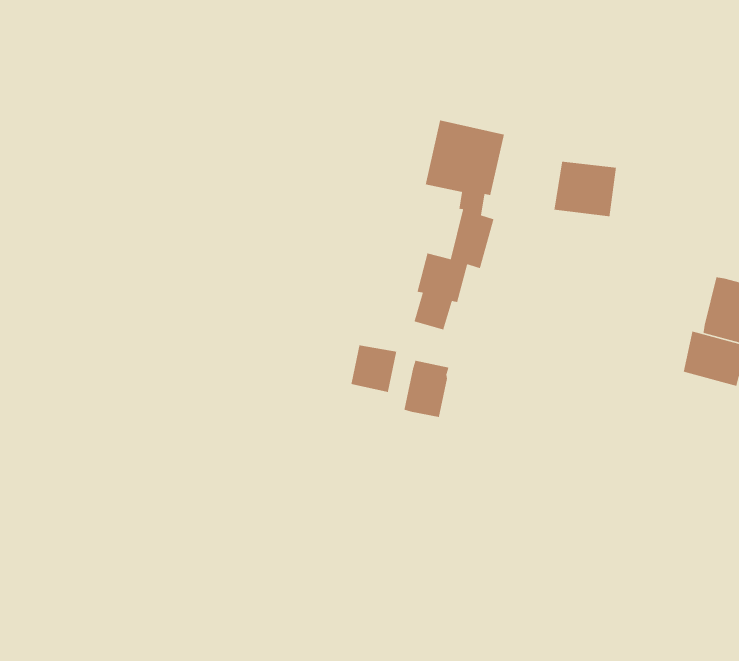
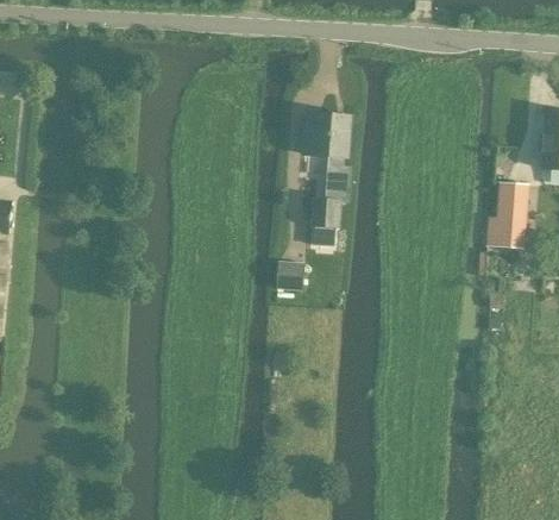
building: [553,161,617,217] -> none
building: [403,360,450,418] -> none

